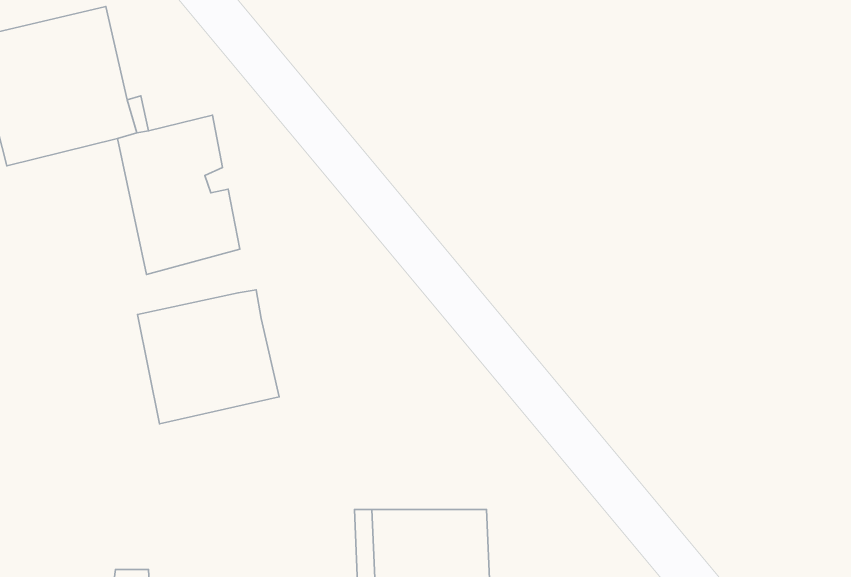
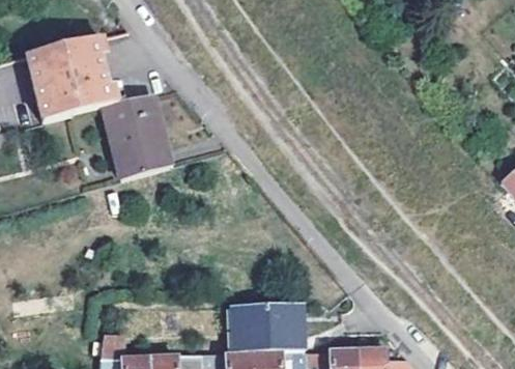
building: [138,290,279,424] -> none

